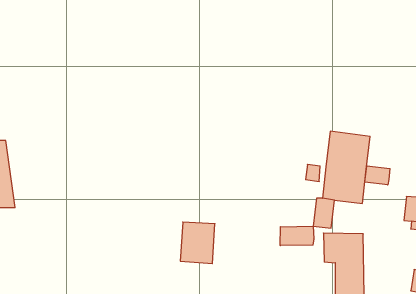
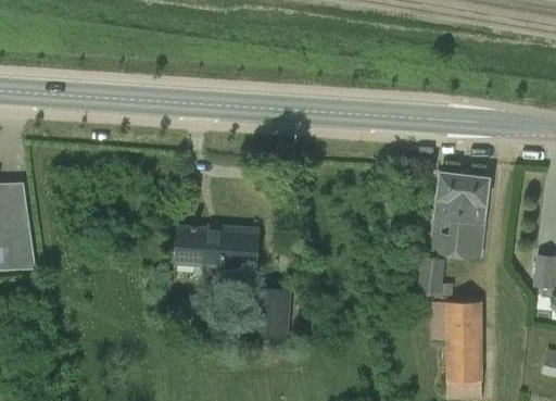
building: [365,166,390,185] -> none
building: none -> [175,224,258,268]
building: [280,226,314,246] -> none

